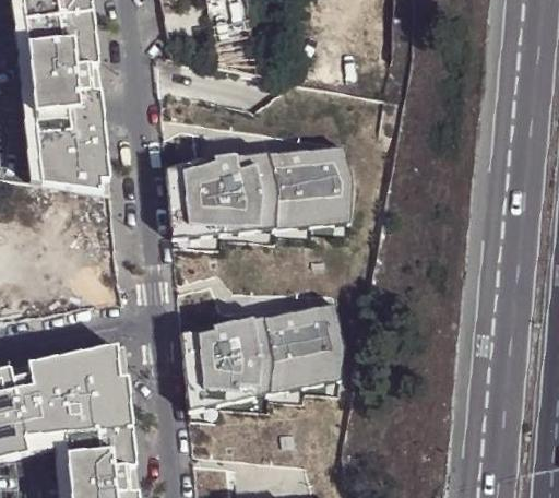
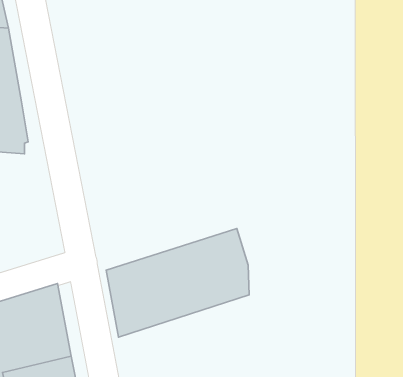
building: [166,145,352,238] -> none

